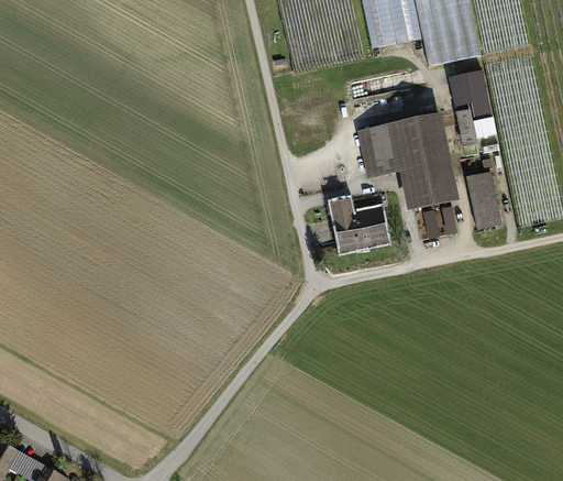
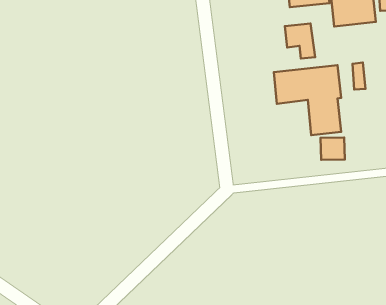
building: [450,69,492,114] -> [285,23,315,58]
building: [467,172,500,227] -> none
building: [333,200,388,247] -> none

